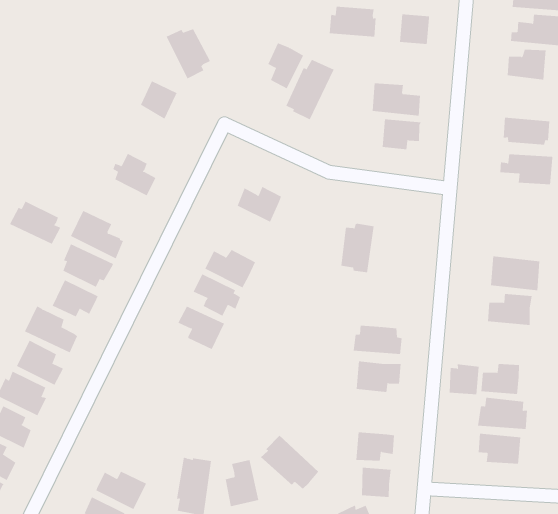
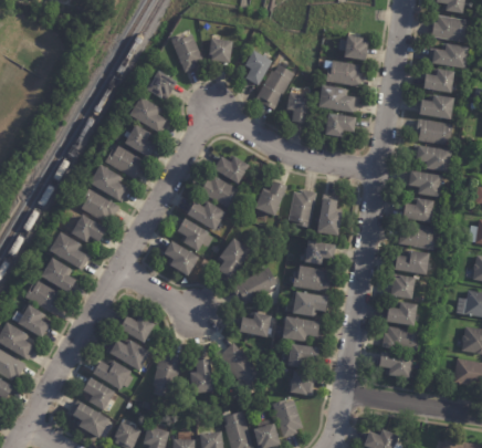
building: [329,6,377,37] -> [325,61,362,86]
building: none -> [207,38,231,62]
building: none -> [420,94,454,119]
building: none -> [286,92,310,123]
building: none -> [128,96,168,134]
building: none -> [408,170,442,197]
building: [9,201,61,245] -> [103,145,142,179]
building: none -> [199,175,238,210]
building: none -> [254,180,286,216]
building: none -> [402,198,434,222]
building: none -> [316,195,342,236]
building: none -> [304,241,335,265]
building: none -> [216,238,251,282]
building: none -> [231,267,275,304]
building: [449,364,479,395] -> [390,275,415,300]
building: none -> [239,313,270,337]
building: none -> [282,317,322,343]
building: none -> [118,315,154,343]
building: none -> [105,340,148,371]

